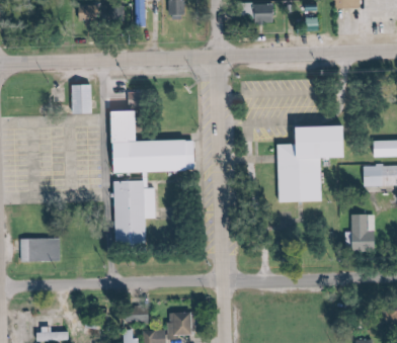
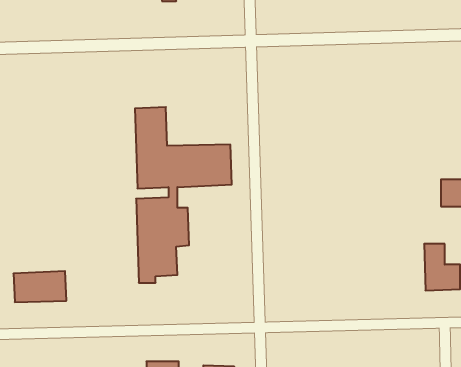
building: [71,84,92,113] -> none
building: [268,124,337,204] -> none

